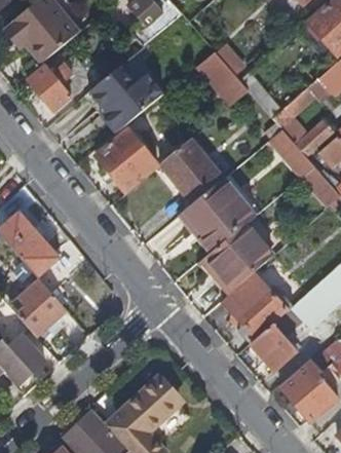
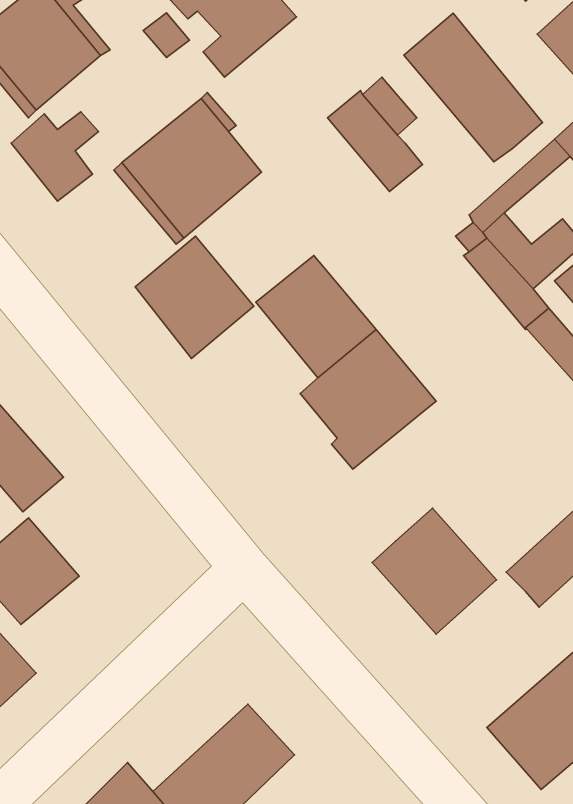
building: none -> [404,13,543,162]
building: [201,225,273,291] -> none
building: [251,307,303,372] -> none

